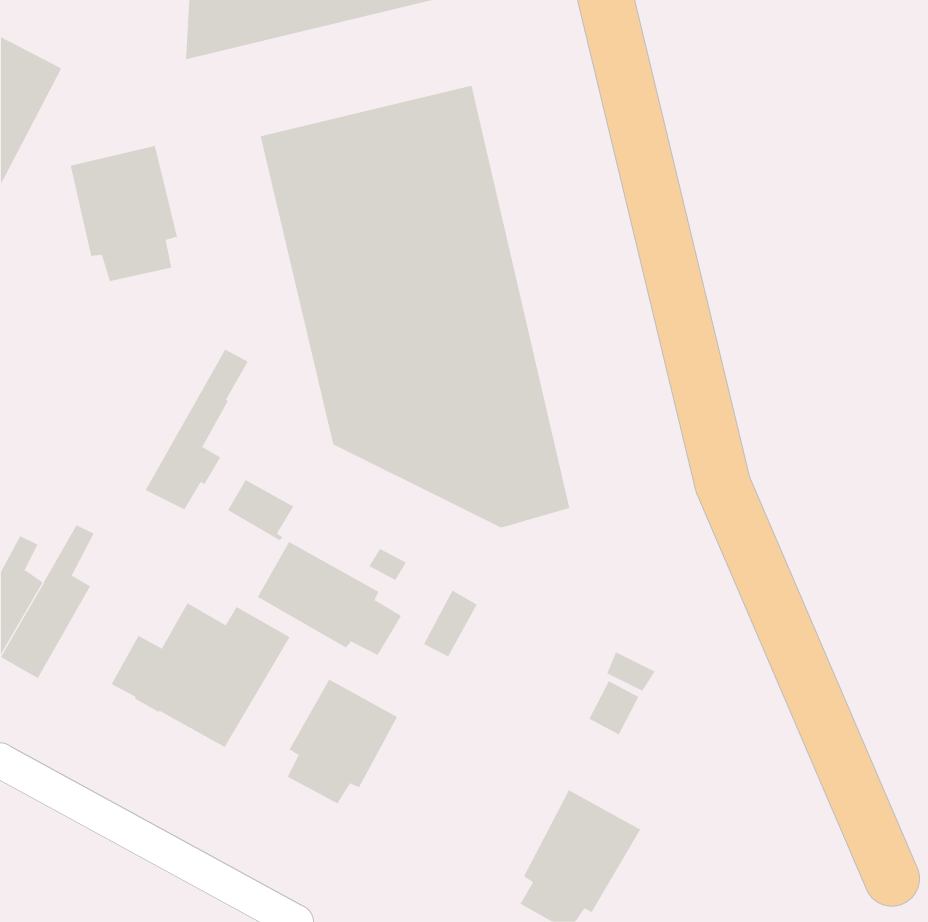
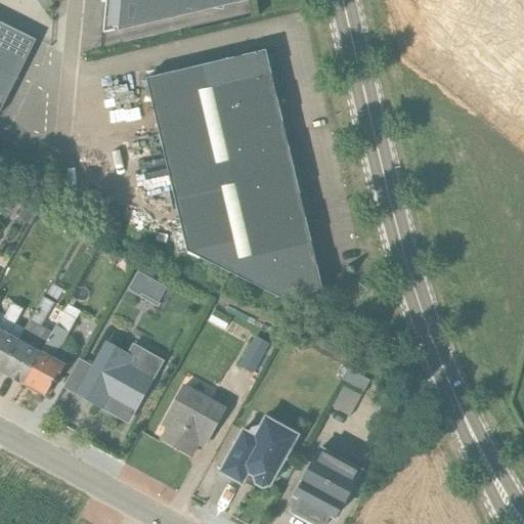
building: [70,145,178,282] -> none
building: [145,349,249,510] -> [21,303,80,394]
building: [257,541,402,656] -> none
building: none -> [219,412,298,486]

